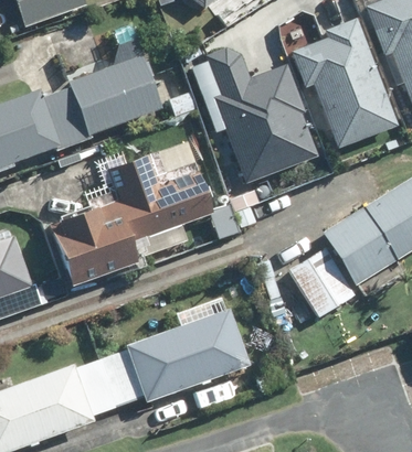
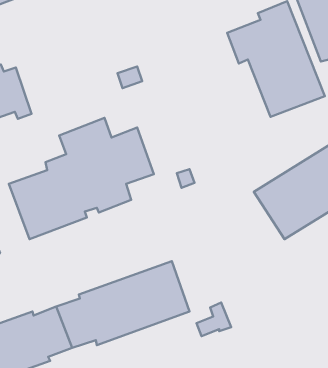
building: [56,37,161,144] -> none
building: [186,47,315,189] -> none
building: [289,248,355,318] -> none

